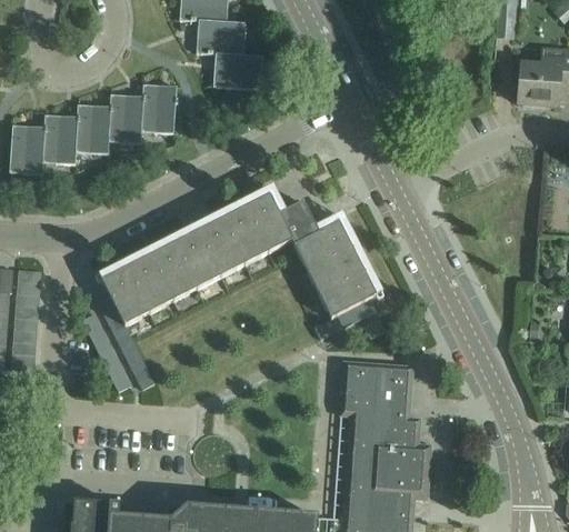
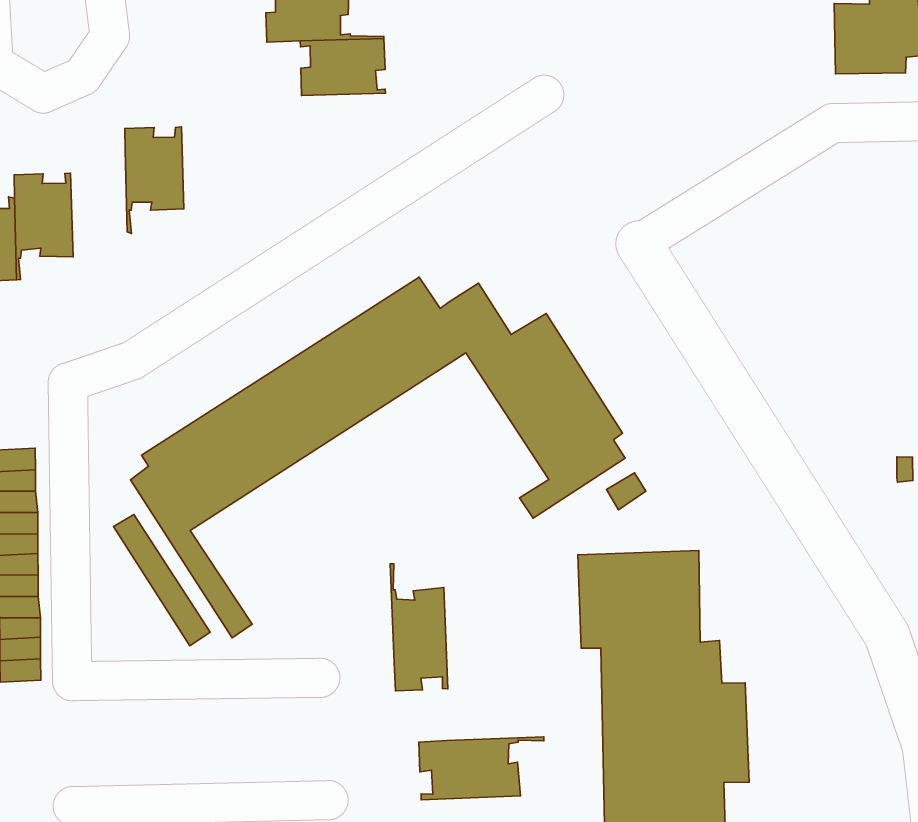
building: [139,82,176,141] -> none
building: [73,102,109,162] -> none
building: none -> [390,564,448,691]
building: none -> [419,737,544,800]

